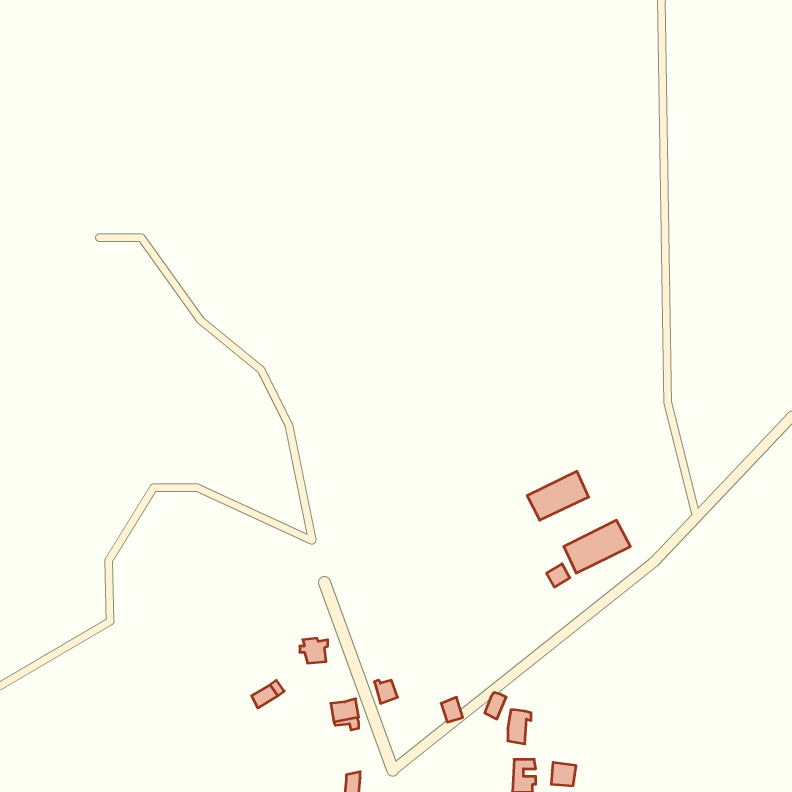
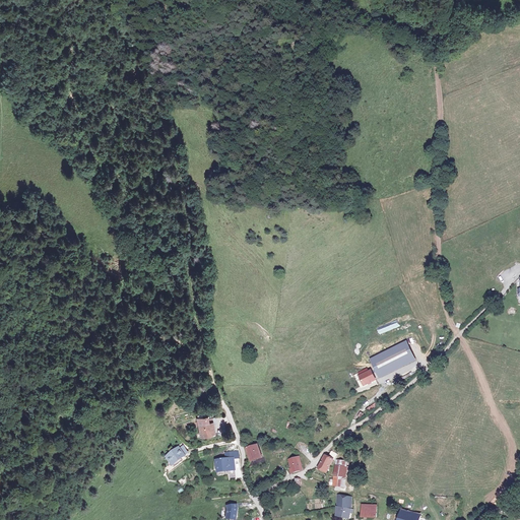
building: [527,471,589,520] -> none

